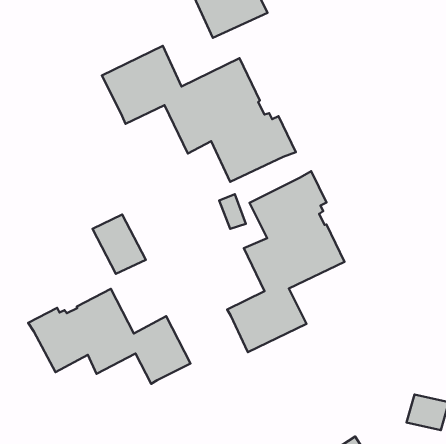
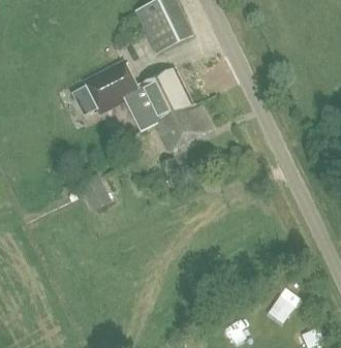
building: [227,171,345,352] -> none
building: [28,289,190,384] -> none

